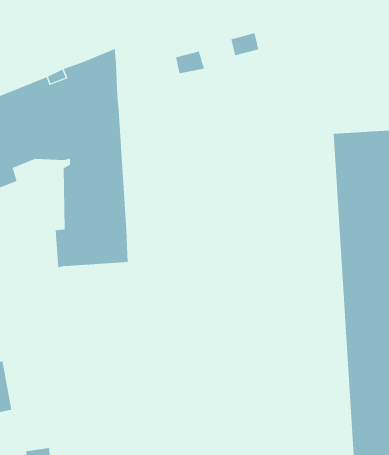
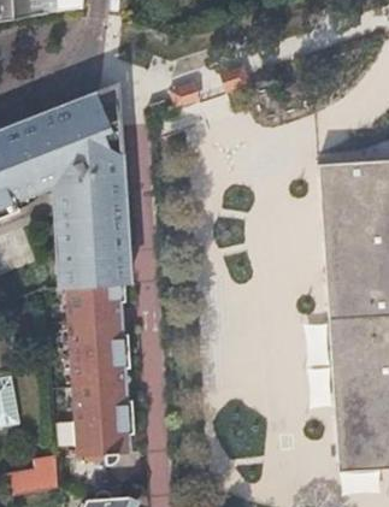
building: none -> [67,283,131,452]

